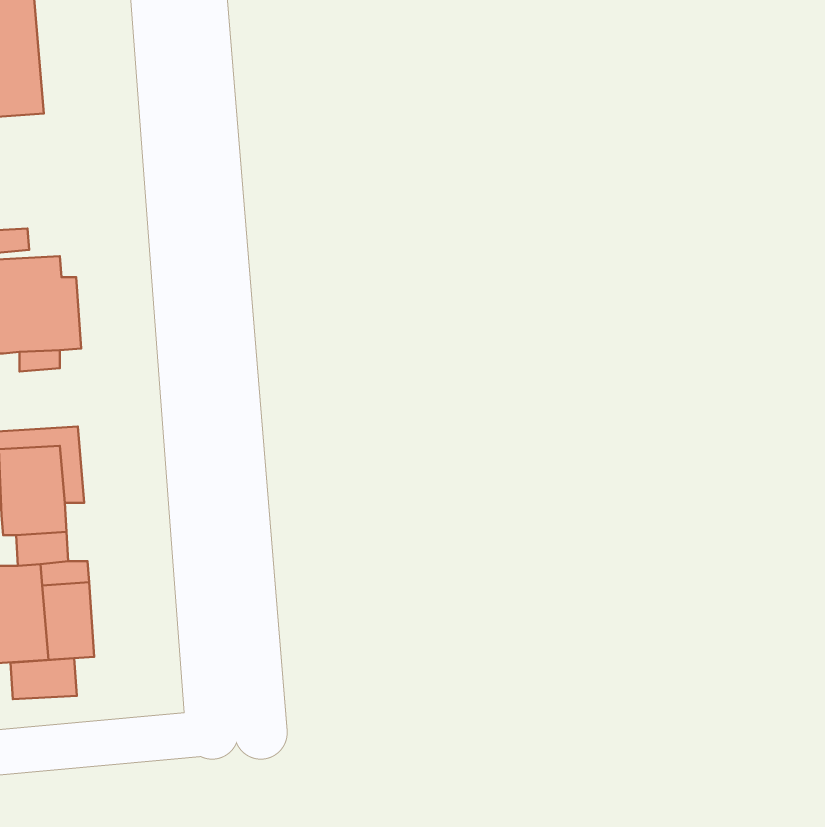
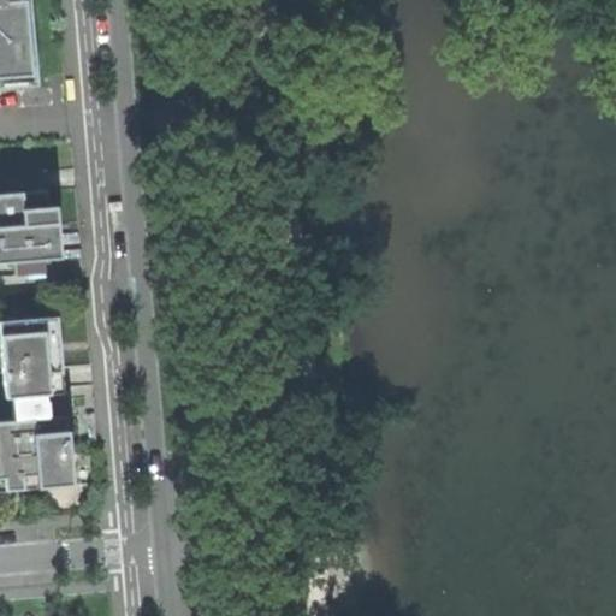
building: [11,658,77,699] -> none

